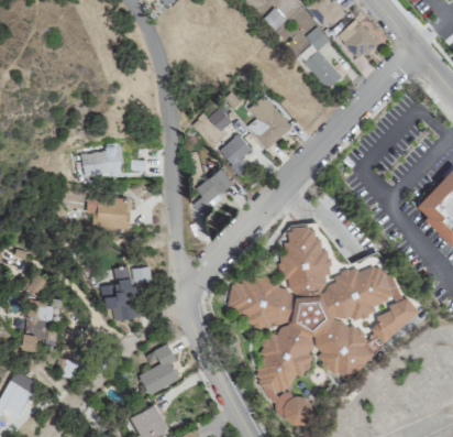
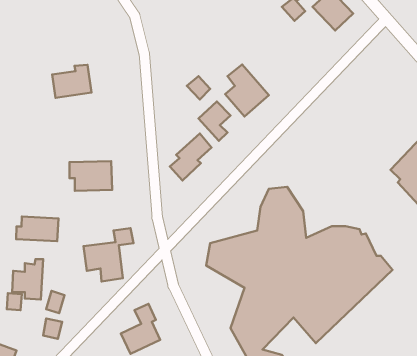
building: [305,52,342,90] -> none
building: [81,146,122,181] -> [52,65,92,98]
building: none -> [16,216,59,241]

